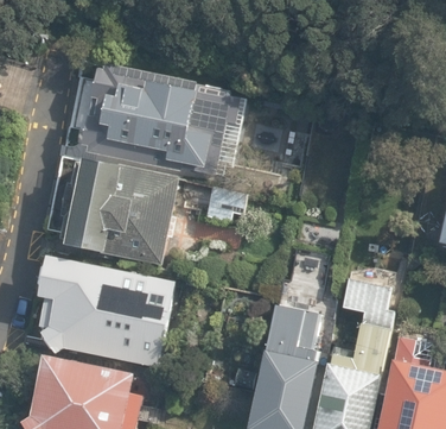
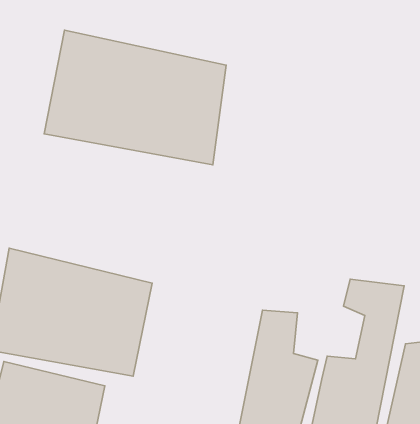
building: [55,158,183,267] -> none

